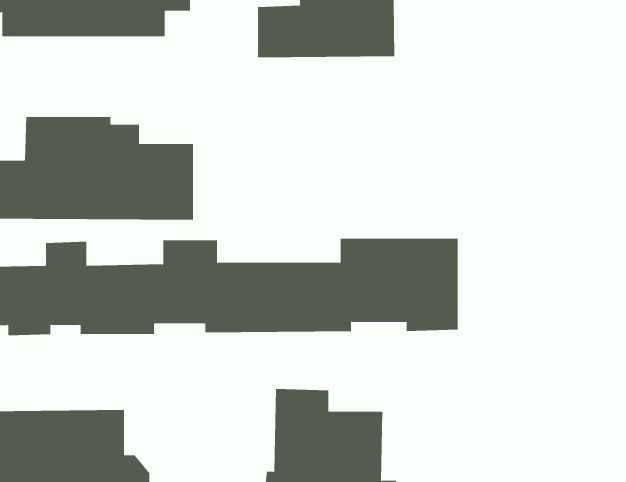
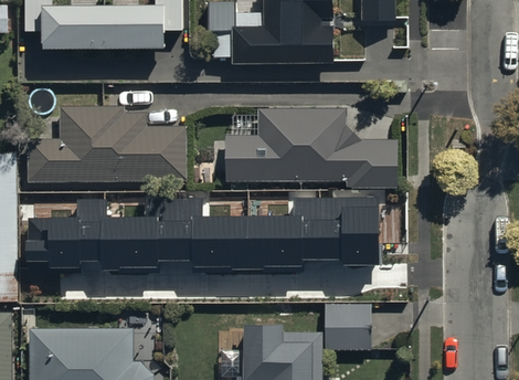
building: none -> [225,110,396,189]
building: none -> [324,299,373,347]

